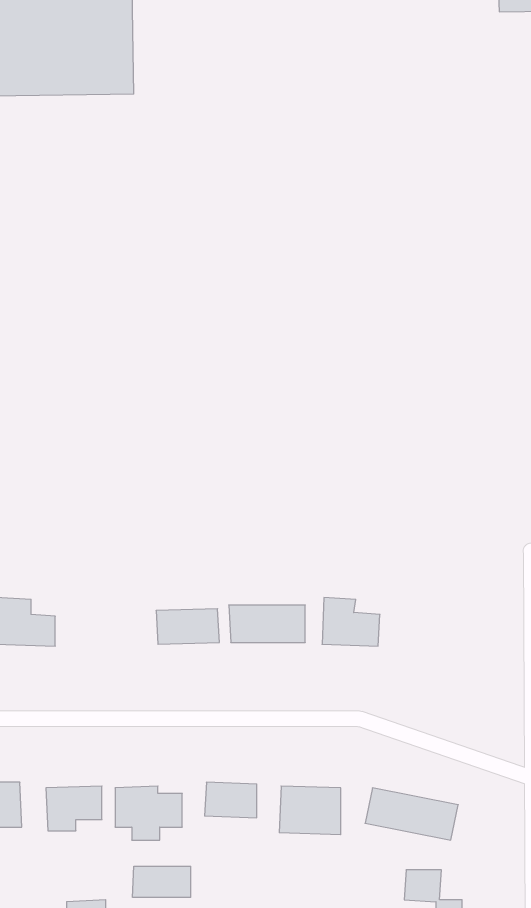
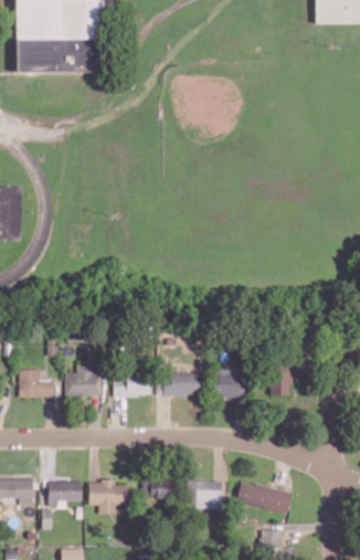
building: none -> [271,362,293,395]
building: none -> [65,364,102,395]
building: [133,866,191,897] -> none

